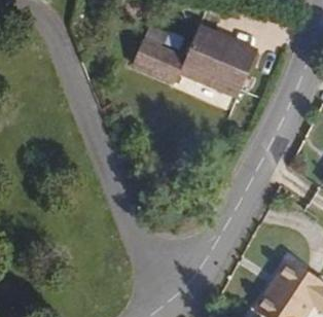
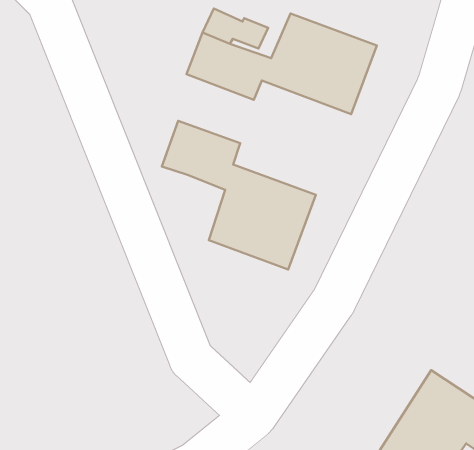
building: none -> [162,121,316,270]

